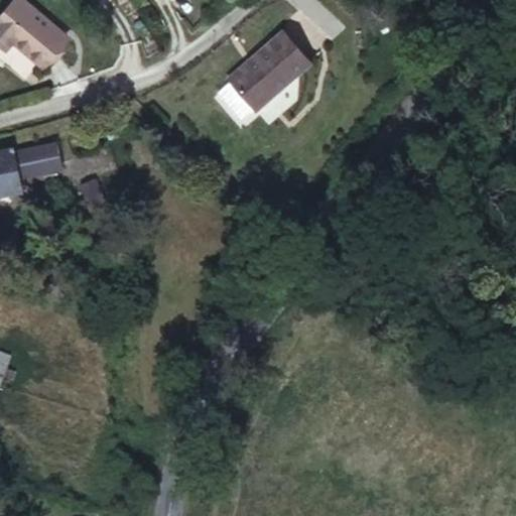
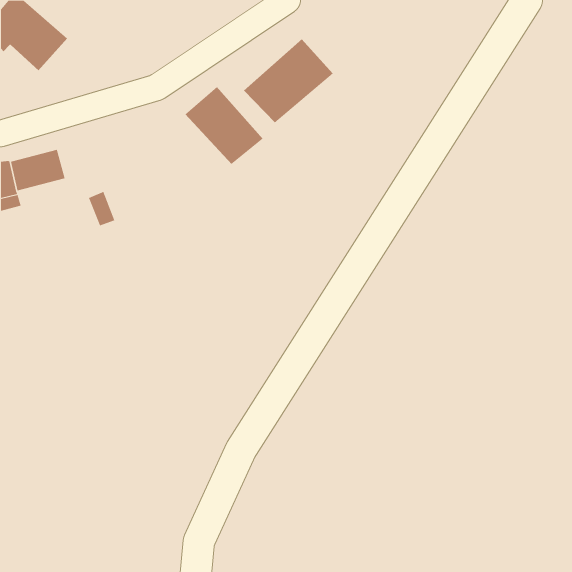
building: none -> [185,86,264,165]

